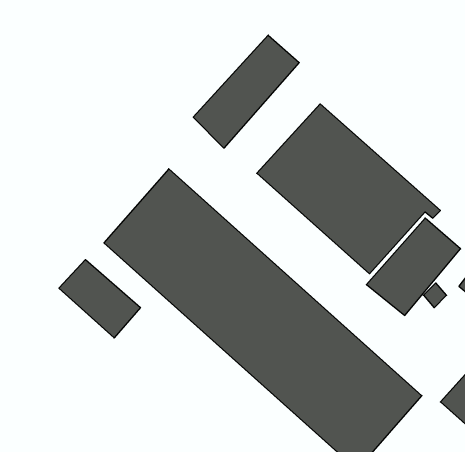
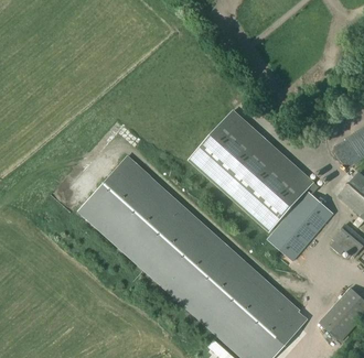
building: [193,35,299,148] -> none
building: [59,260,140,338] -> none

